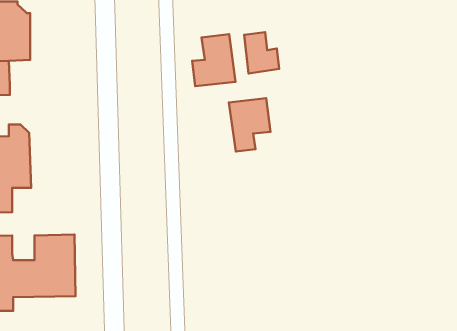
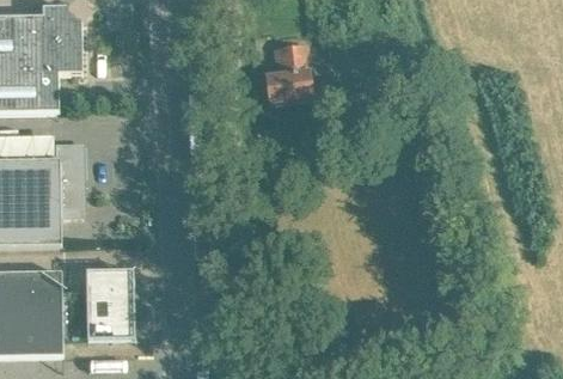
building: [244,32,279,73] -> none
building: [229,98,270,152] -> none

